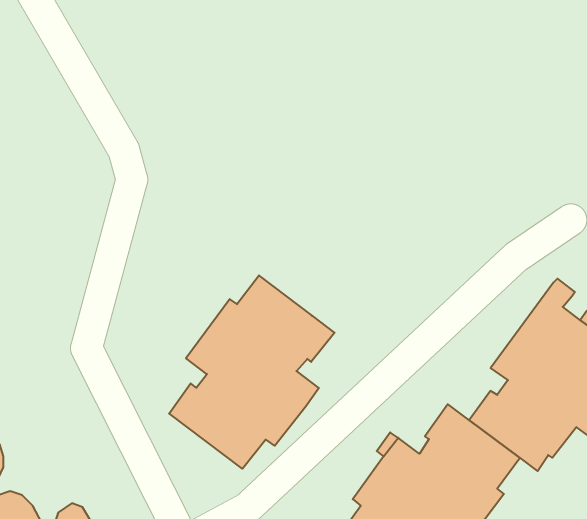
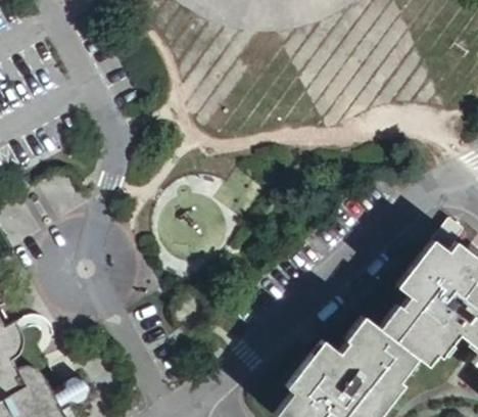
building: [169,275,335,469] -> none

